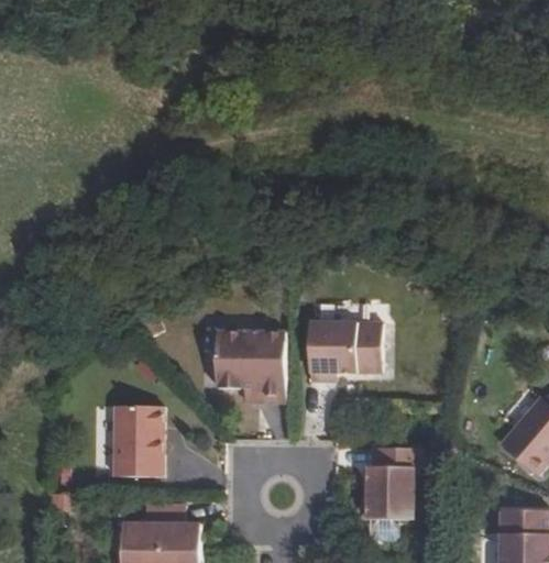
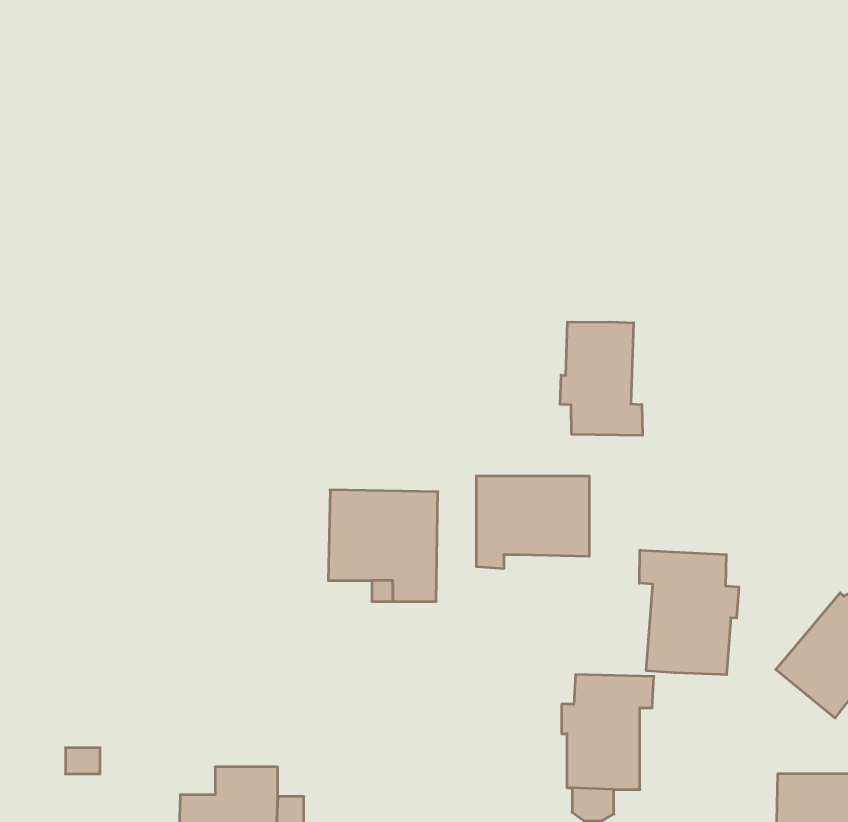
building: none -> [560,322,642,435]
building: none -> [639,550,739,675]
building: [113,406,162,477] -> none

